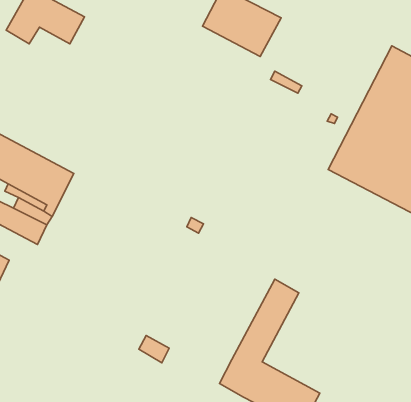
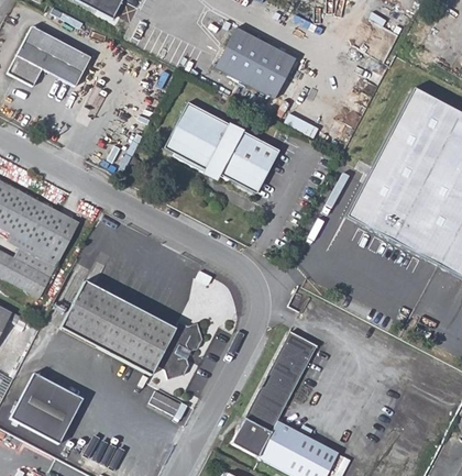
building: none -> [162,101,275,192]
building: none -> [61,281,201,381]
building: none -> [12,369,85,441]

